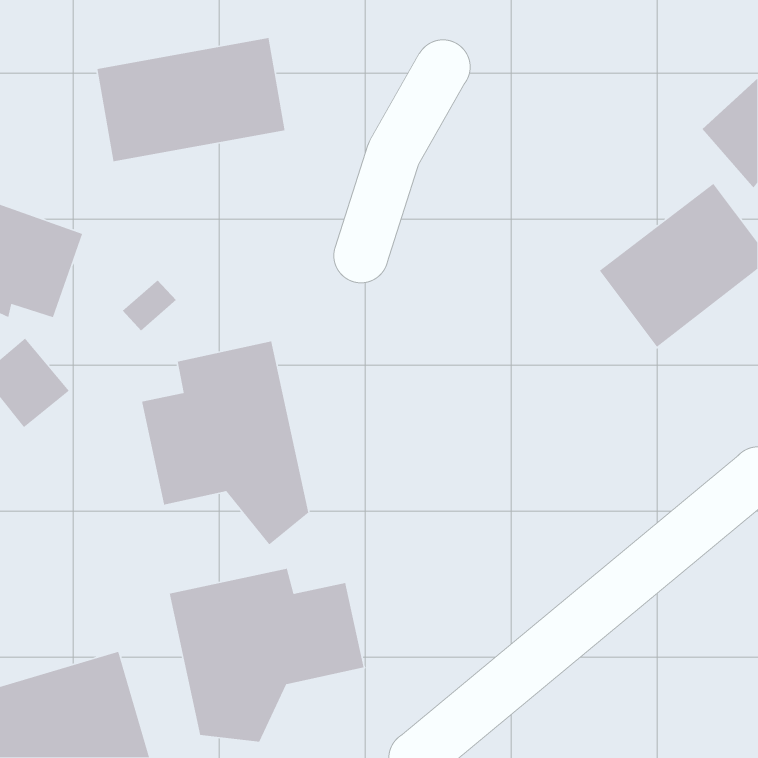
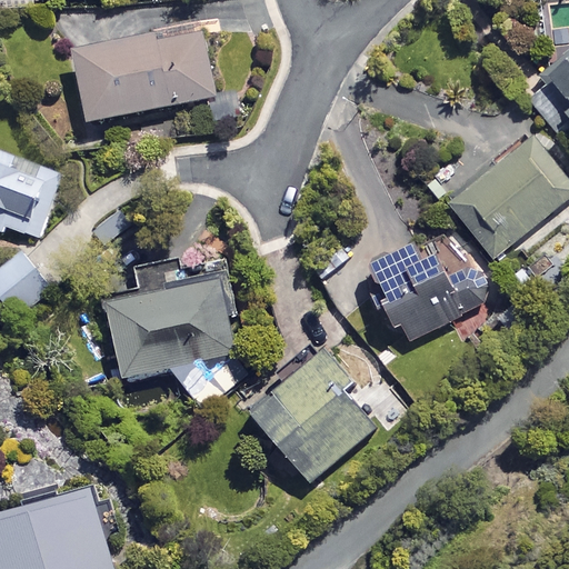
building: none -> [368,230,492,342]
building: none -> [250,350,382,507]
building: [169,568,365,742] -> none

